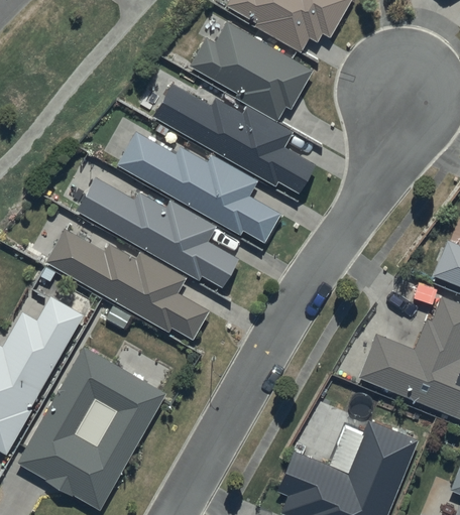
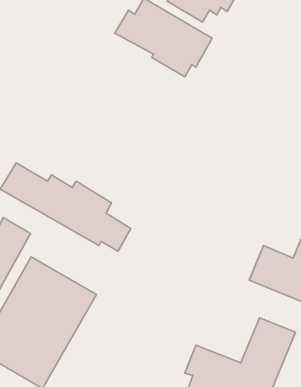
building: [151,82,317,194] -> none
building: [116,131,280,243] -> none
building: [77,175,238,286] -> none

